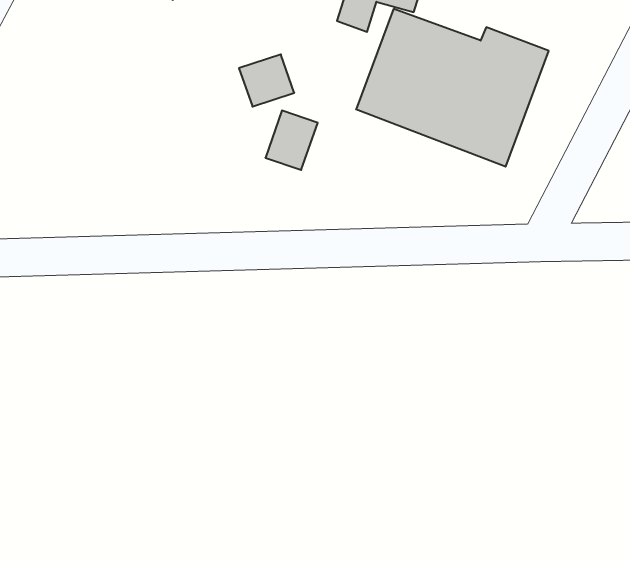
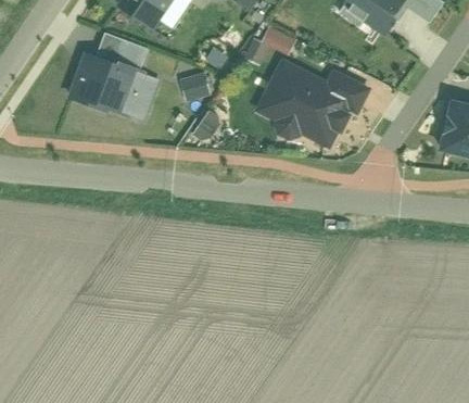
building: none -> [69,36,164,123]

